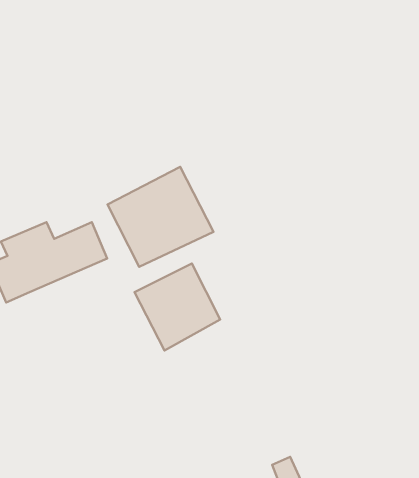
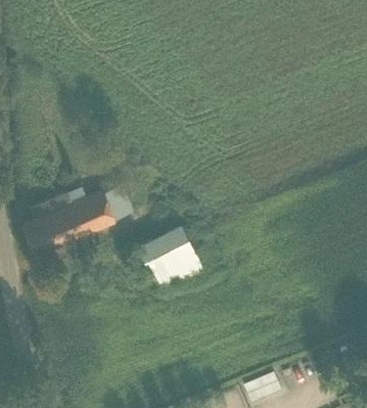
building: [107,167,213,267] -> none

